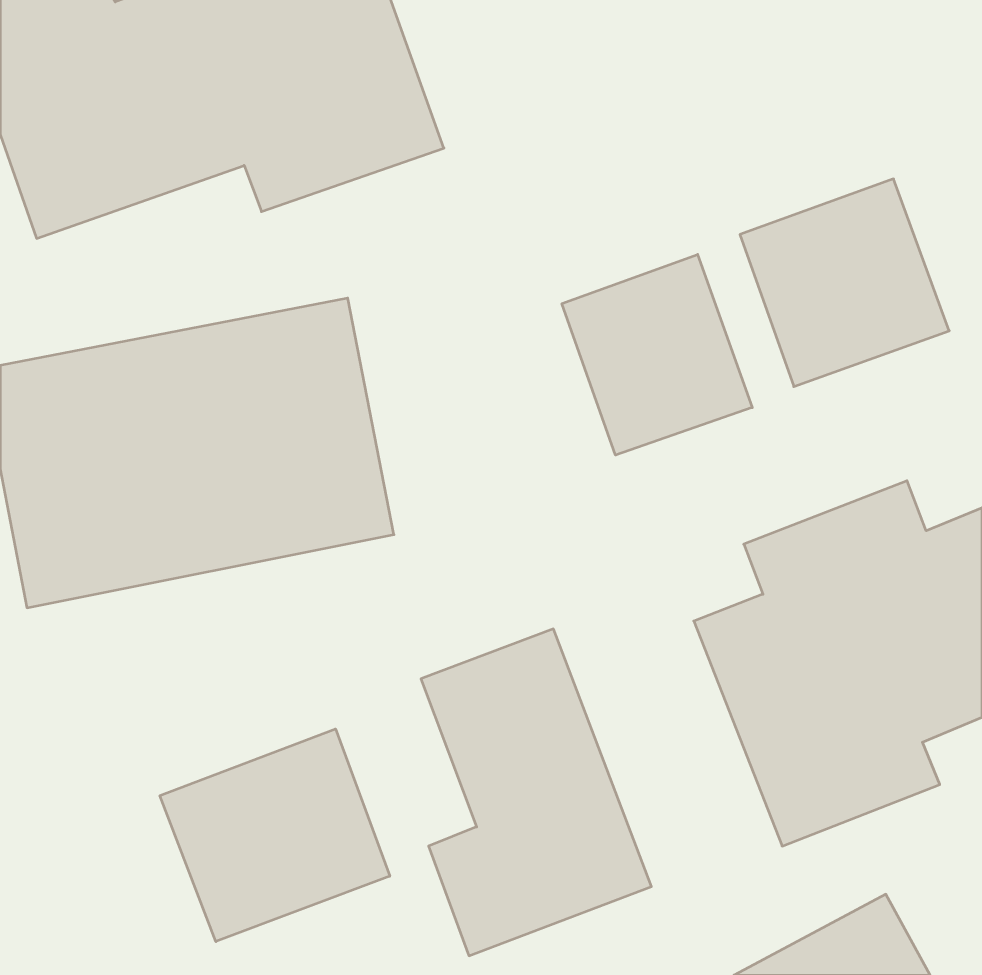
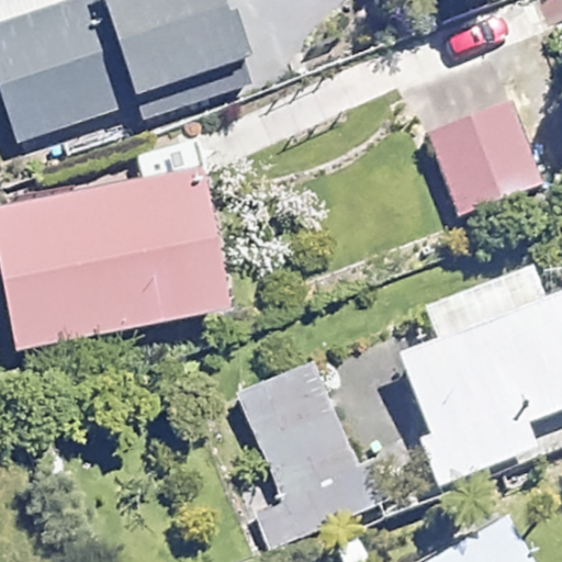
building: [562,254,752,455] -> none
building: [160,729,390,942] -> none

